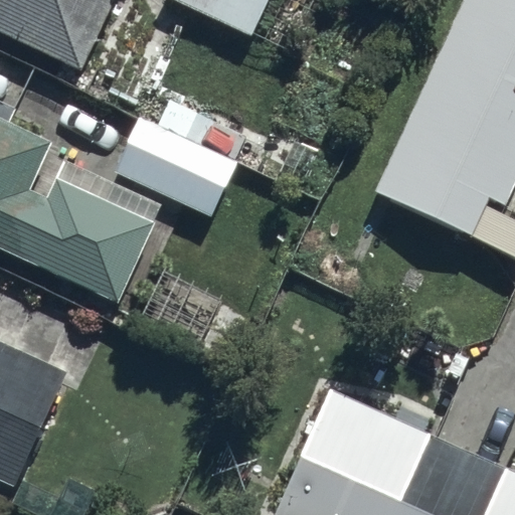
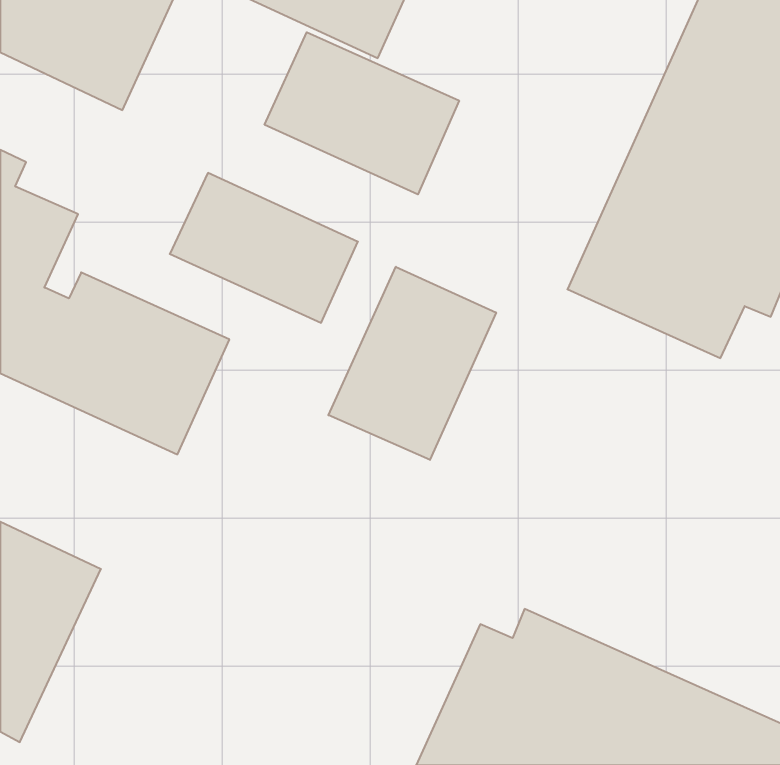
building: none -> [265,32,459,194]
building: none -> [328,267,496,460]

